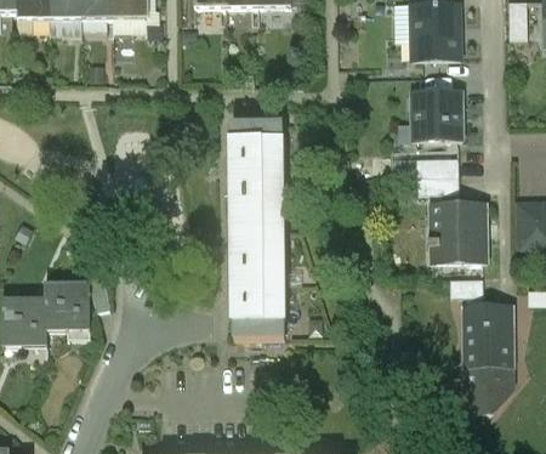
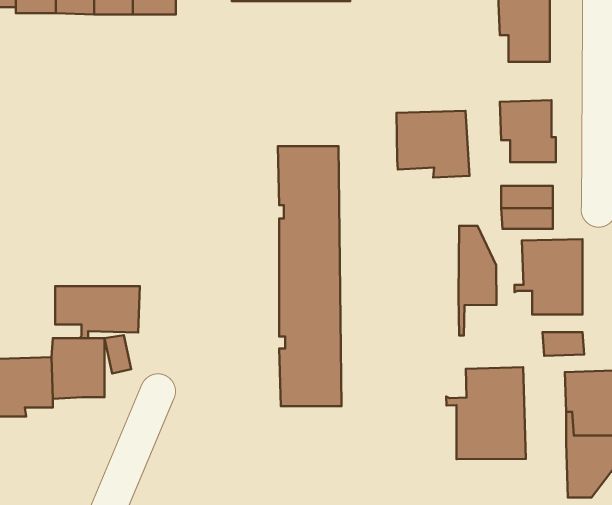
building: none -> [396,111,469,178]
building: none -> [459,226,497,336]
building: none -> [55,286,140,338]
building: none -> [446,367,526,459]

